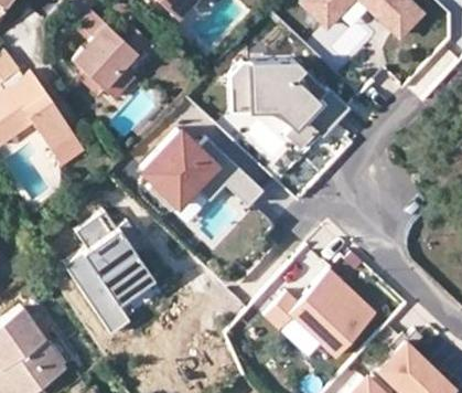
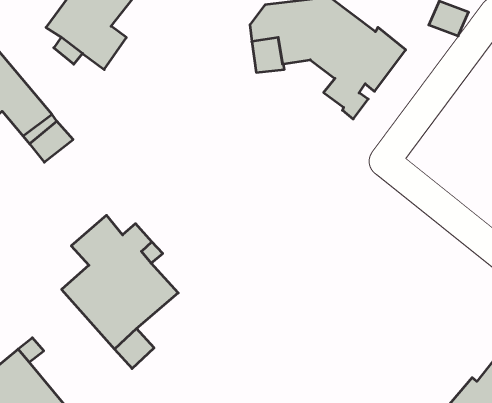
building: [144,132,260,212] -> none
building: [265,269,376,357] -> none

